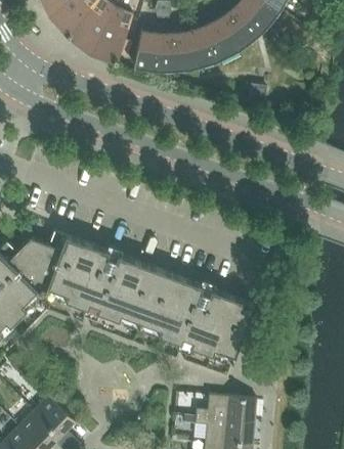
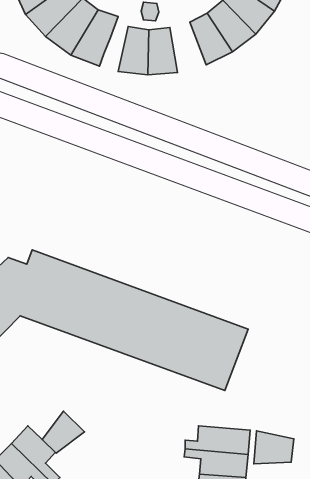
building: [181,21,215,69] -> none
building: none -> [42,411,84,453]
building: none -> [254,431,294,464]

